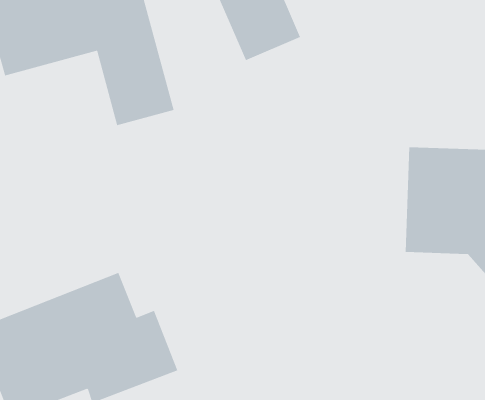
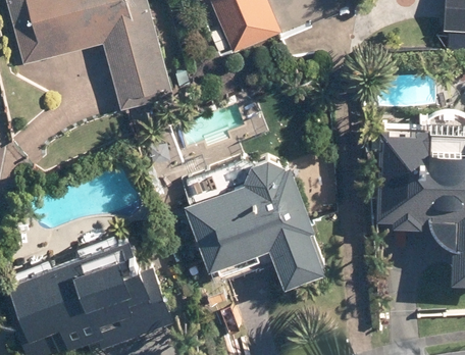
building: none -> [183,159,320,289]

